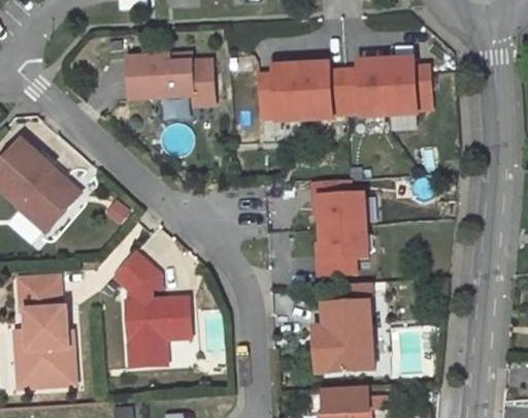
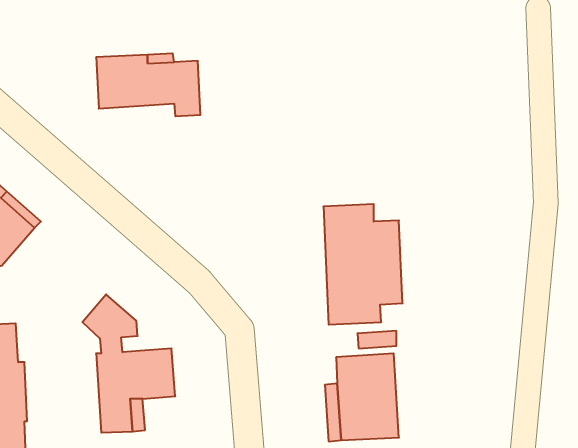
building: [258,55,430,136] -> none

